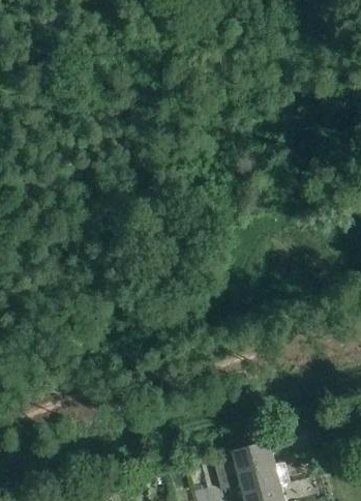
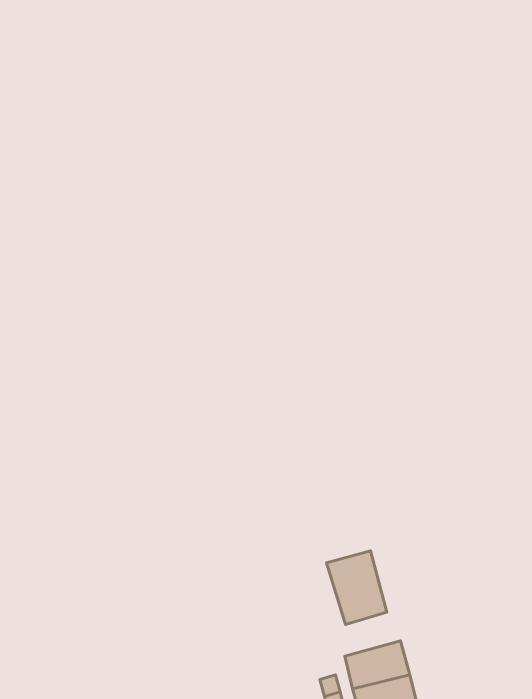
building: none -> [327,551,387,625]

